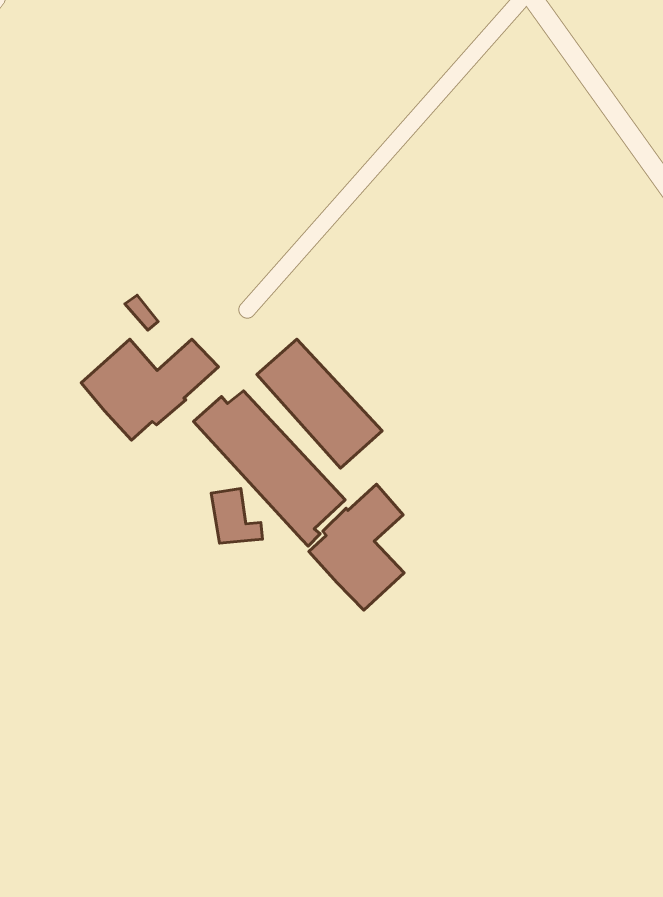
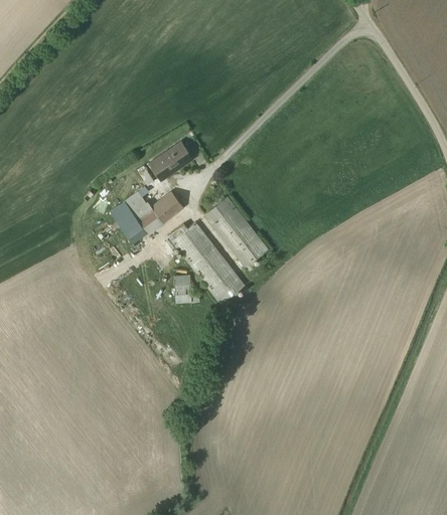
building: none -> [149,141,193,180]
building: [309,484,404,610] -> none

